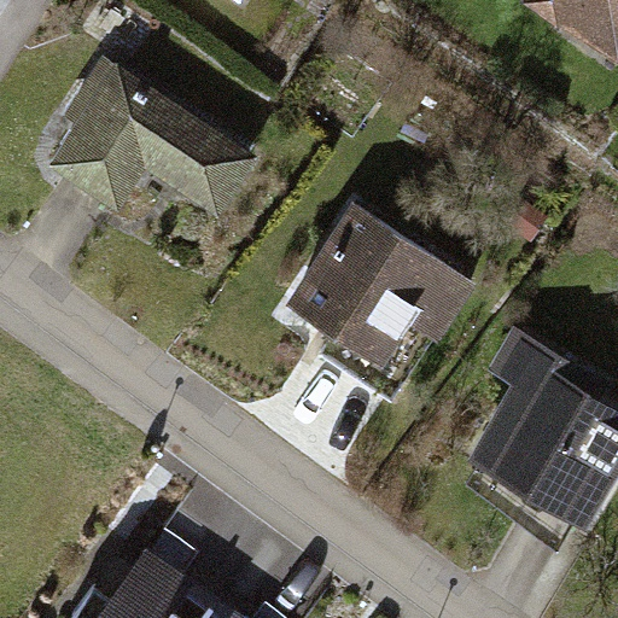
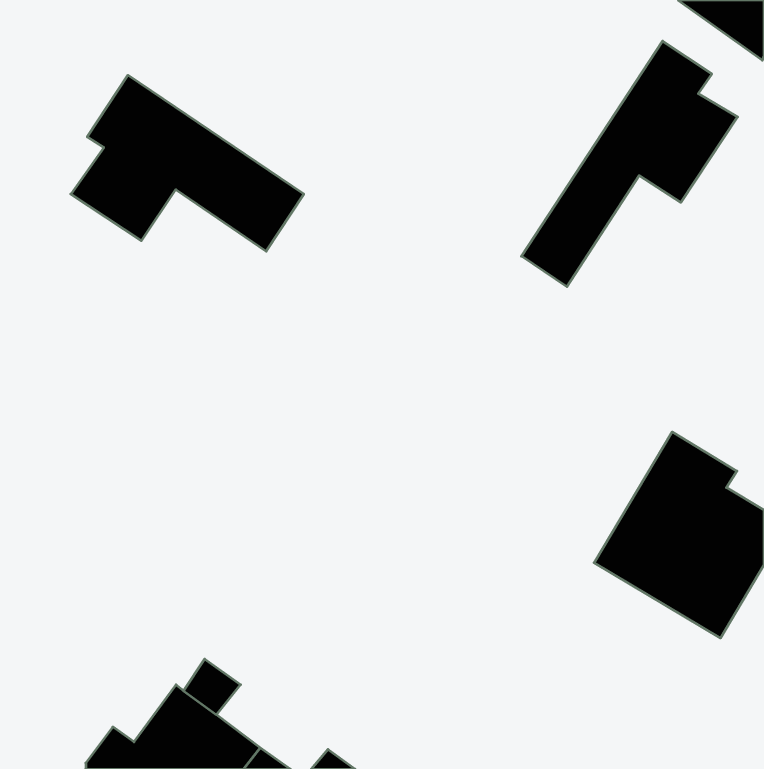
building: none -> [521,41,738,287]
building: [296,208,465,395] -> none

